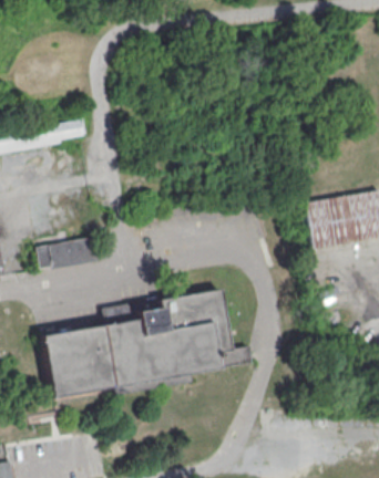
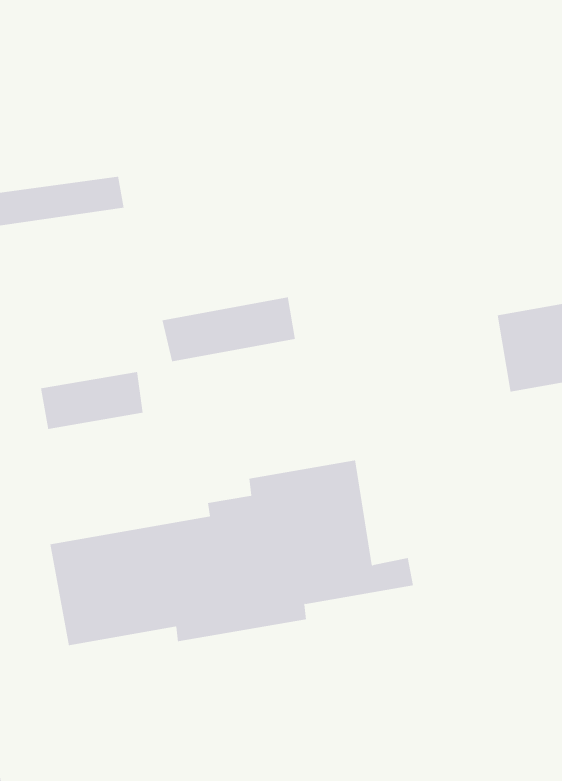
building: none -> [162,296,296,362]

